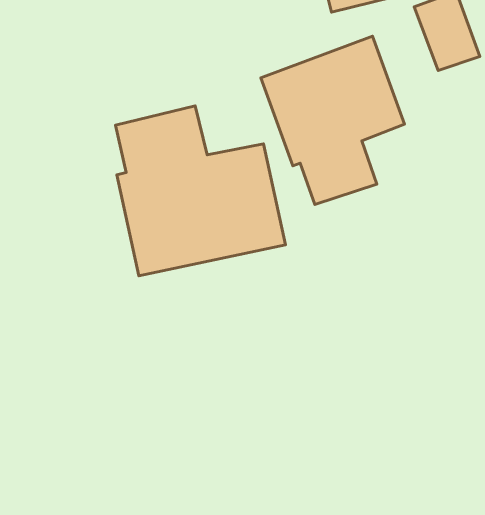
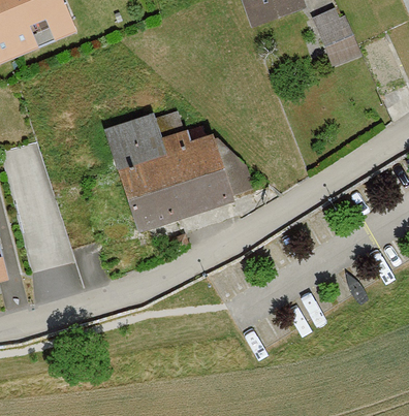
building: [261,36,405,205] -> none

